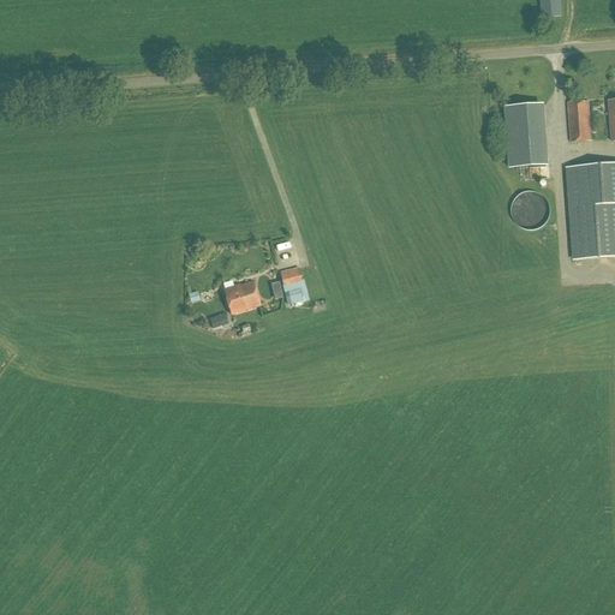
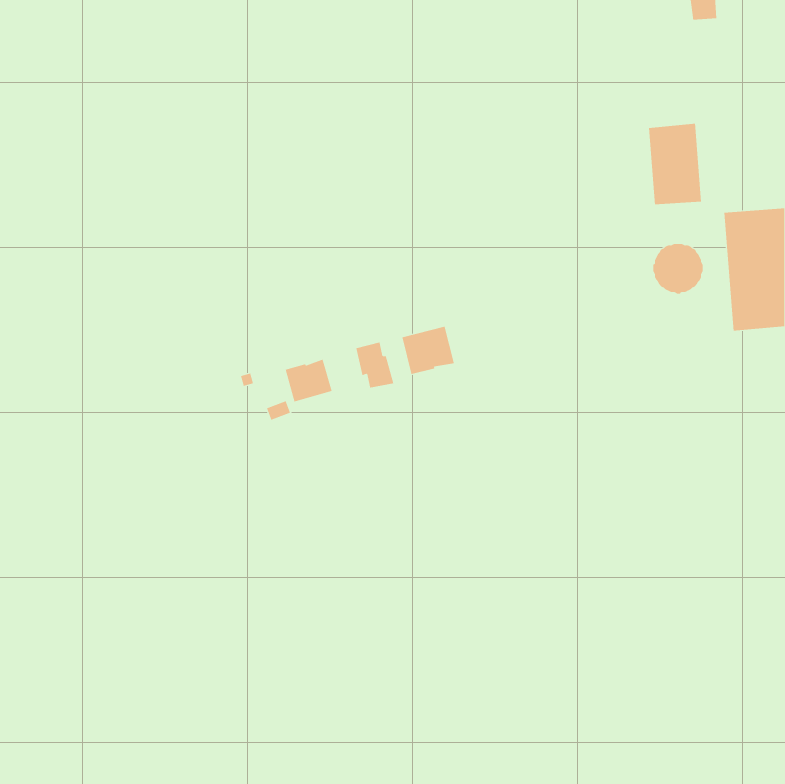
building: [567,100,590,141] -> none
building: none -> [402,326,454,375]

